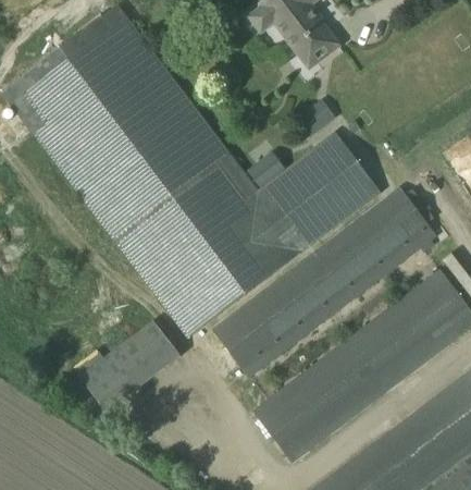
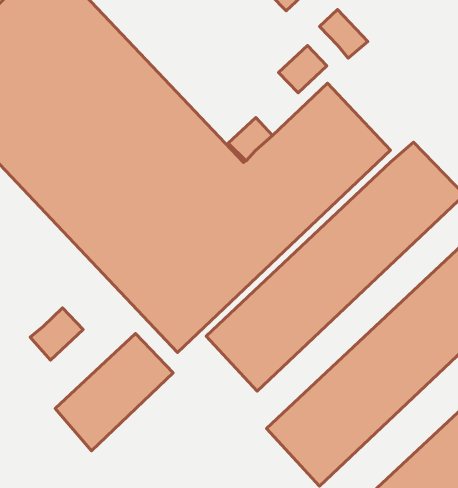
building: none -> [319,9,368,58]
building: none -> [30,308,83,360]

